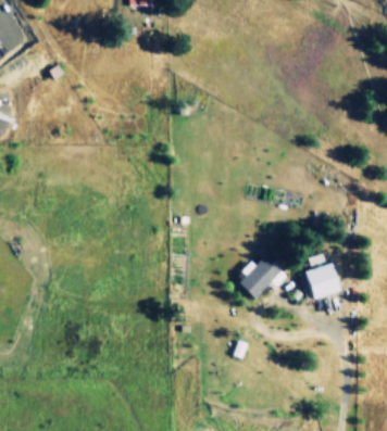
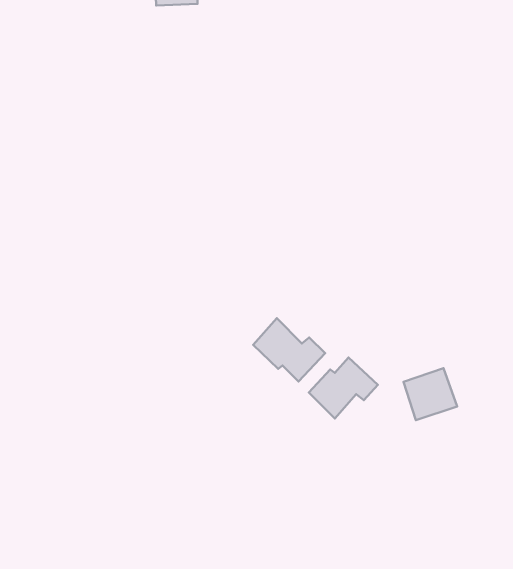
building: none -> [253,318,325,381]

